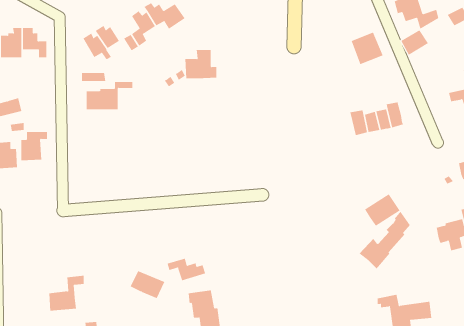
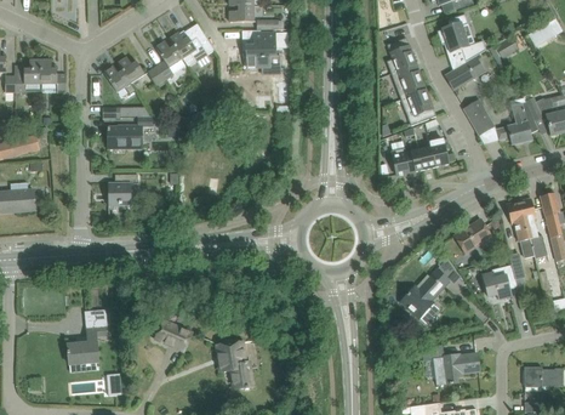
building: none -> [387,38,416,74]
building: [184,50,217,79] -> [246,36,281,68]
building: none -> [401,90,436,126]
building: none -> [463,100,493,135]
building: [20,131,48,161] -> [109,175,138,206]
building: [364,194,401,226] -> [453,218,492,254]
building: [167,258,206,284] -> none

